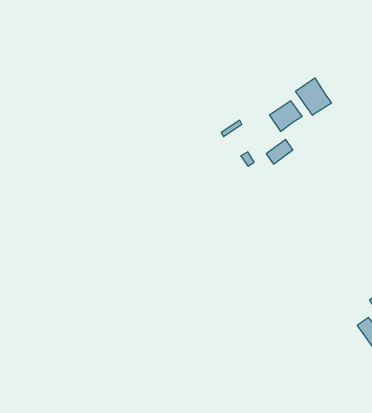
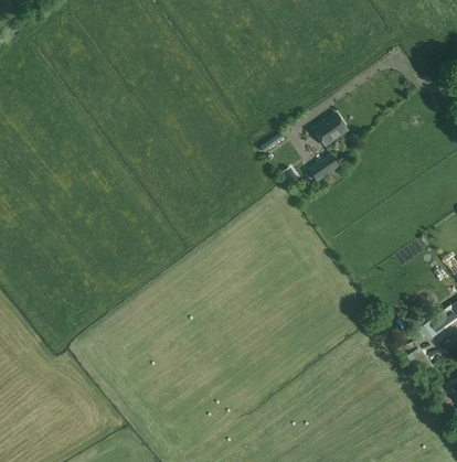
building: [296,78,331,115] -> none

